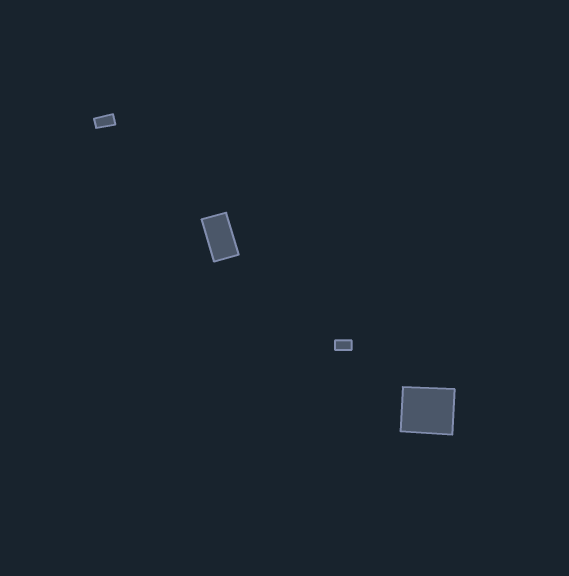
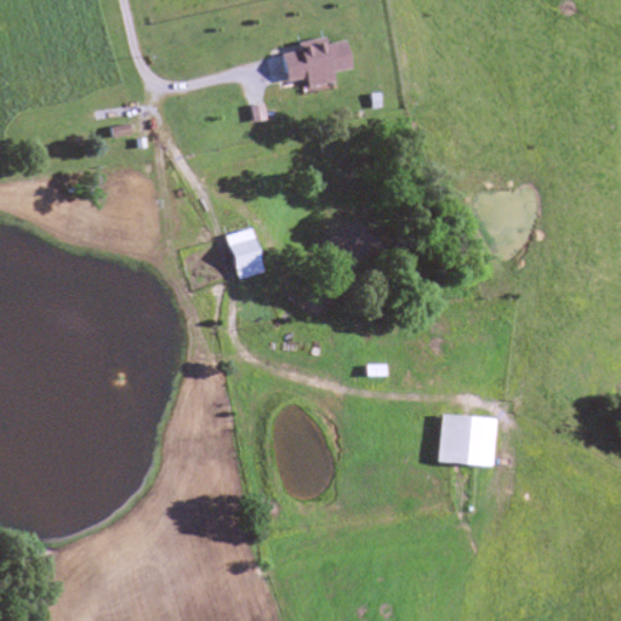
building: none -> [280,38,352,86]

